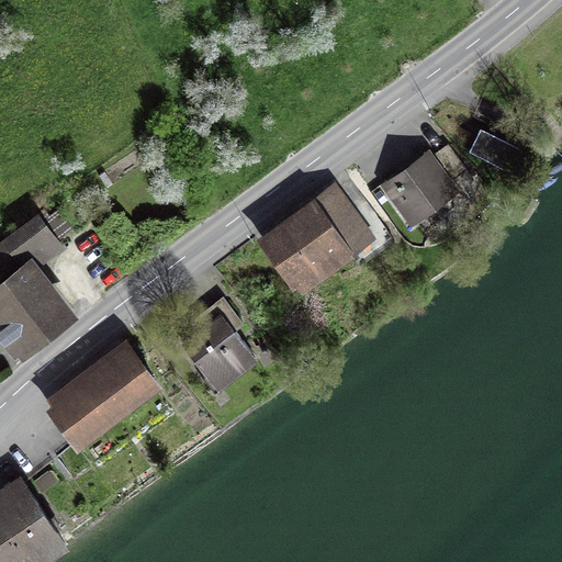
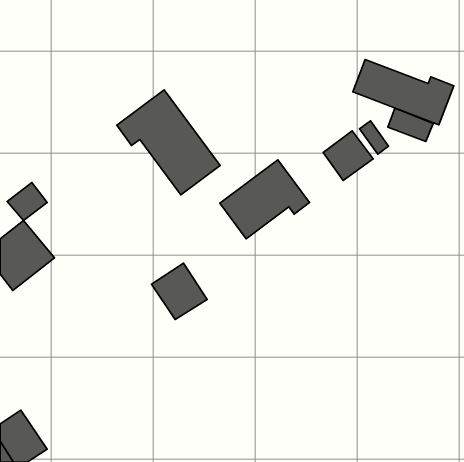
building: none -> [353,59,454,125]
building: none -> [117,90,220,195]
building: [50,351,153,441] -> none

